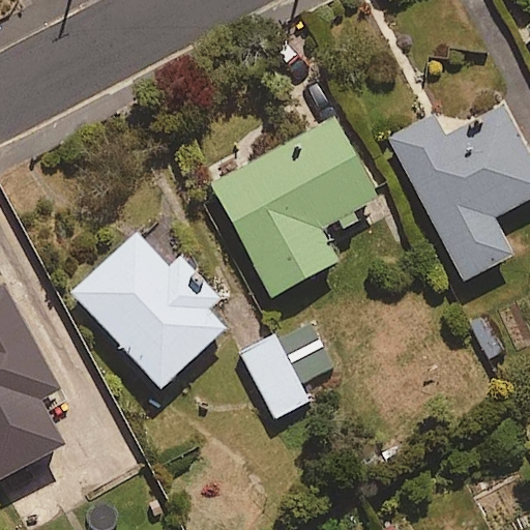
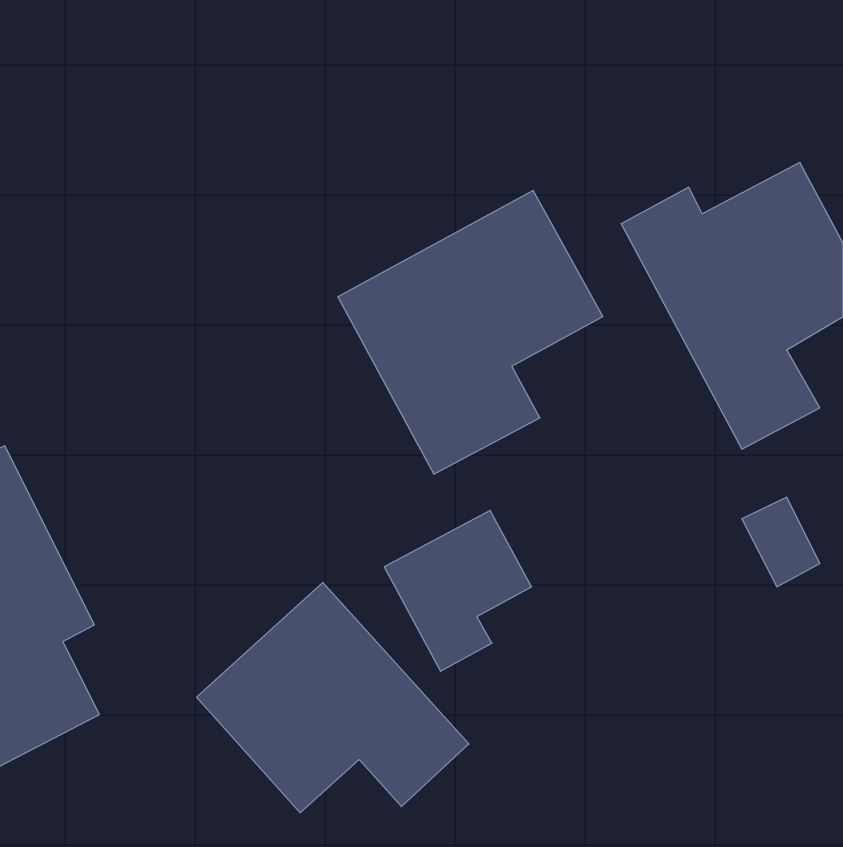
building: [71,233,225,388] -> none
building: none -> [197,583,469,813]

